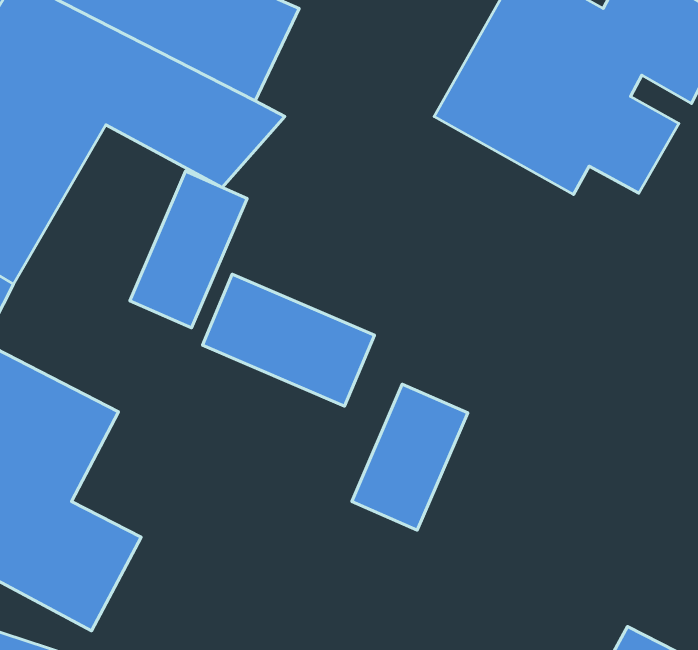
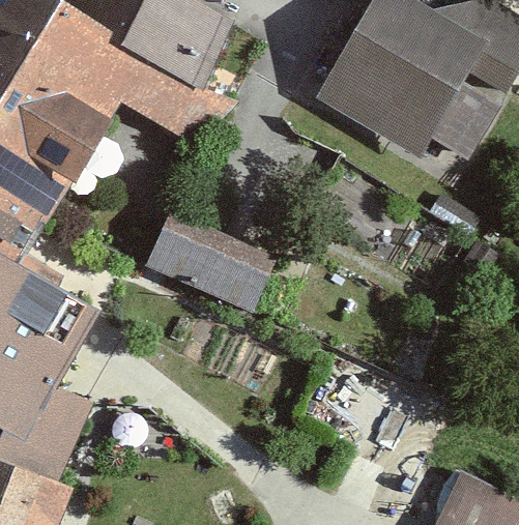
building: [130,171,247,328] -> none
building: [352,384,468,530] -> none

